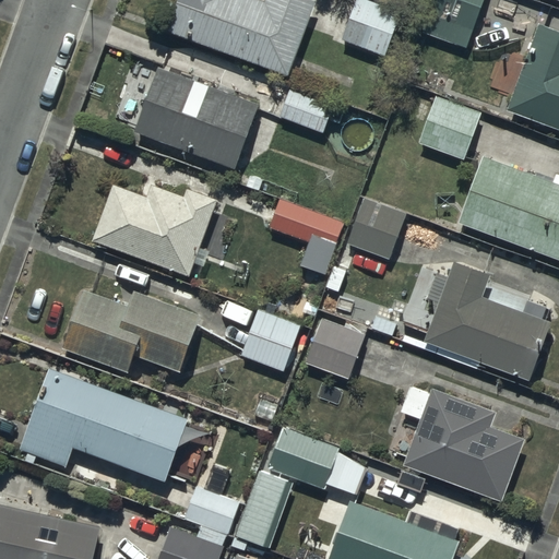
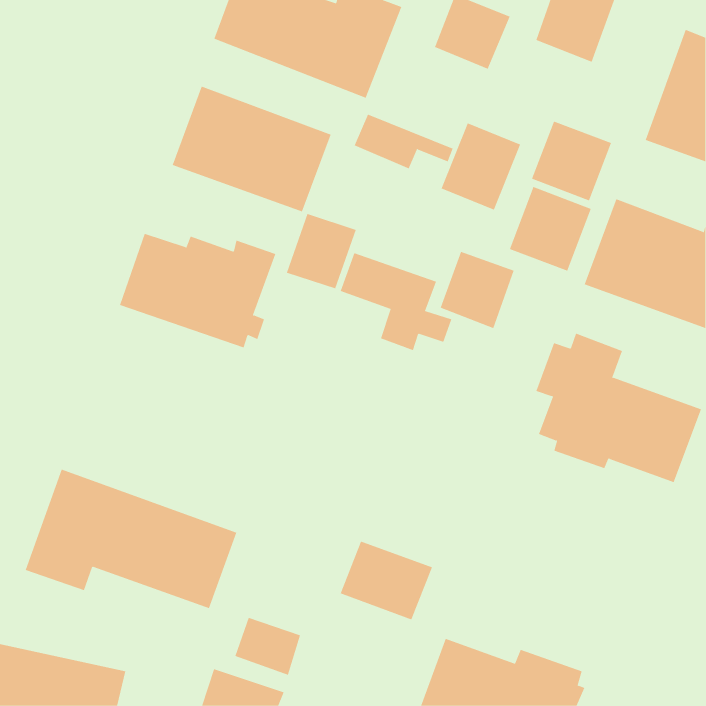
building: none -> [441,123,521,210]
building: none -> [509,186,591,272]
building: none -> [286,213,356,289]
building: [62,290,202,374] -> none
building: [240,308,300,370] -> none
building: [304,318,365,378] -> none
building: [399,385,525,502] -> none
building: [236,471,289,546] -> none

